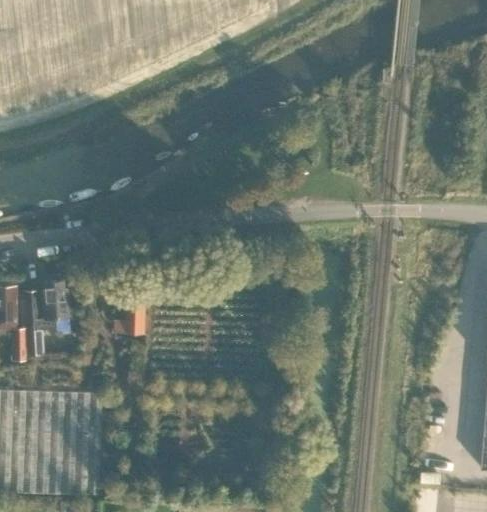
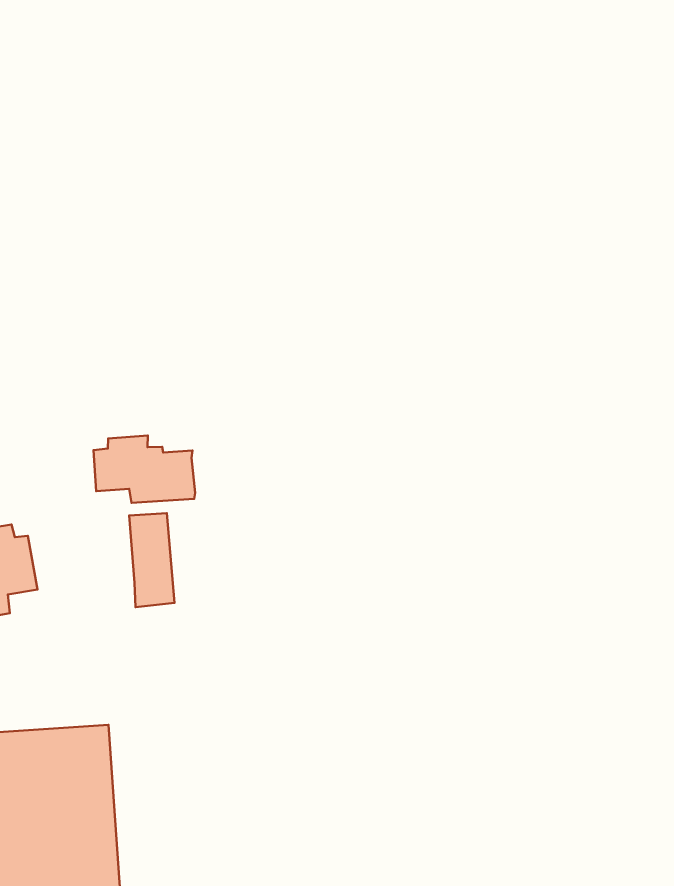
building: none -> [93,436,195,503]

